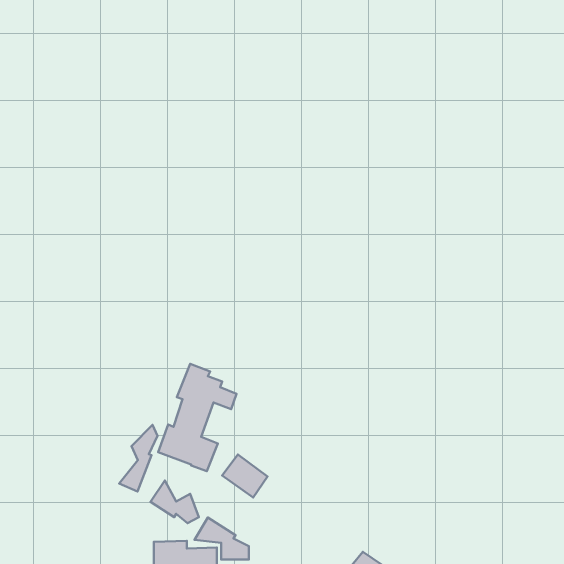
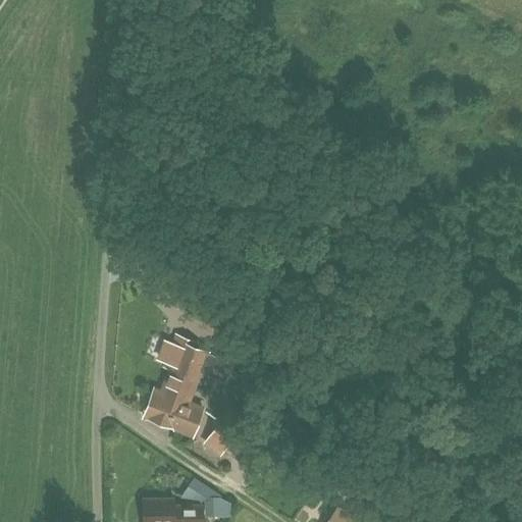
building: [119,425,157,491] -> none
building: [150,481,199,523] -> none

